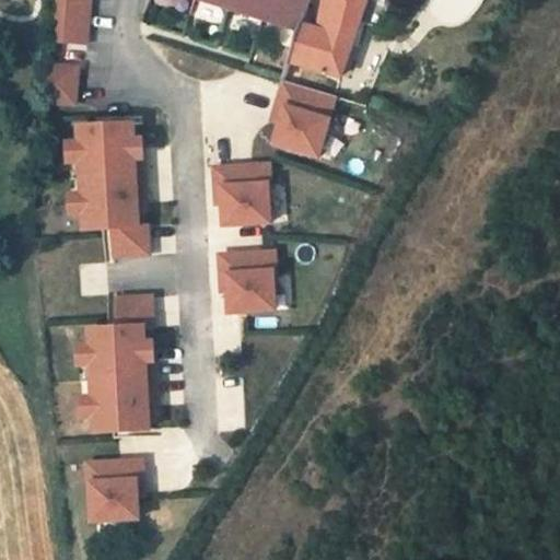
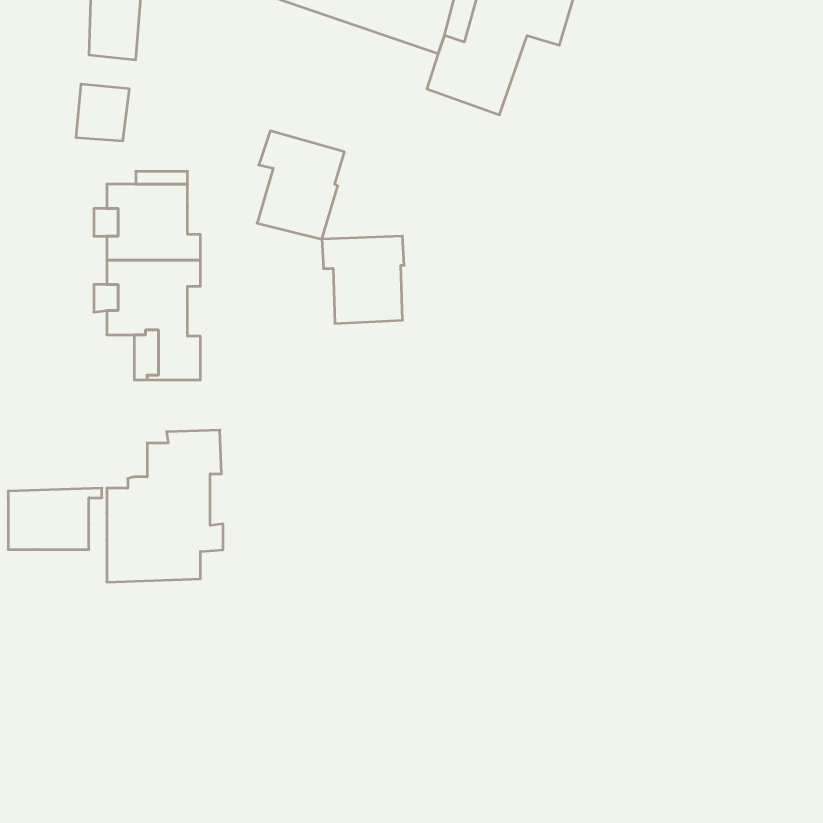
building: [277,78,336,151] -> [257,131,344,239]
building: [224,249,280,308] -> none
building: [74,392,138,433] -> [8,488,102,549]
building: [86,459,140,524] -> none

